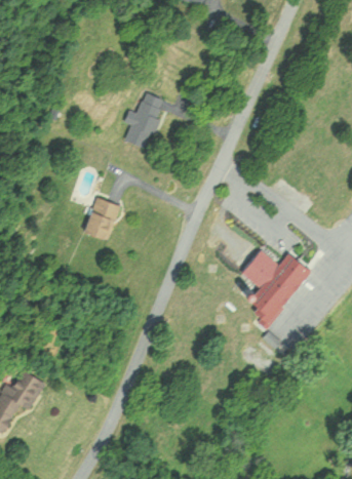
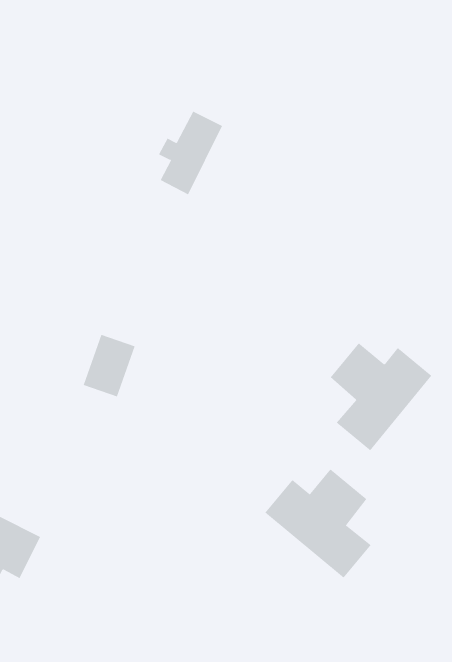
building: [84,198,120,241] -> [83,334,136,397]
building: none -> [265,469,372,579]

